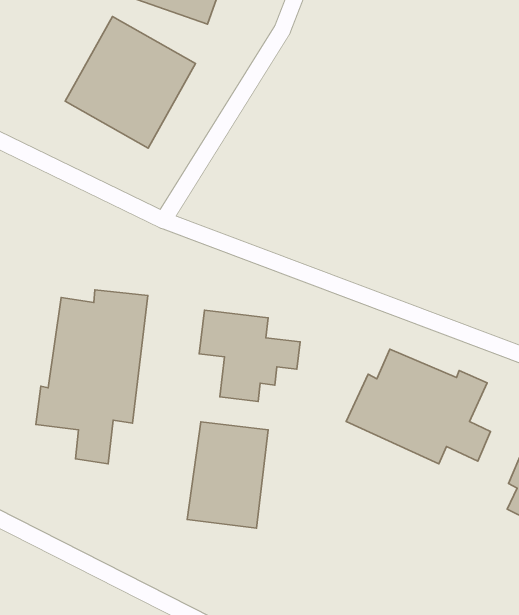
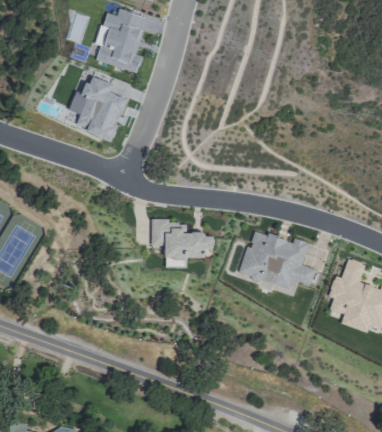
building: [36,290,148,464] -> none
building: [187,422,268,528] -> none

